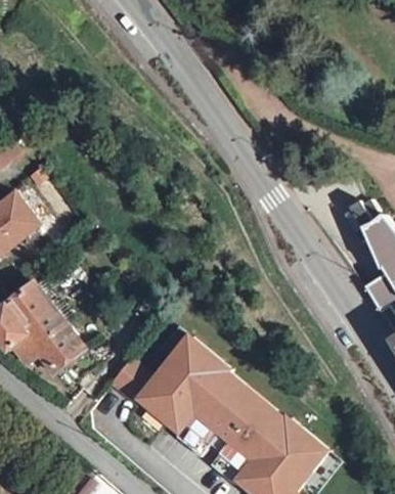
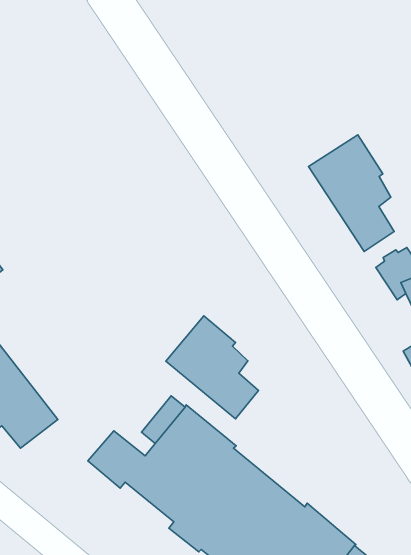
building: none -> [309,135,394,252]
building: none -> [166,316,258,419]

